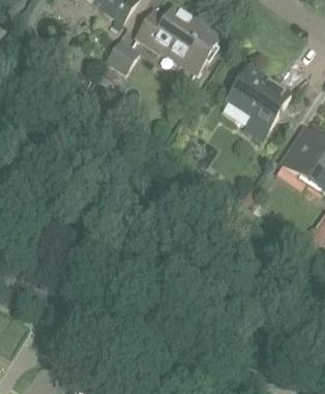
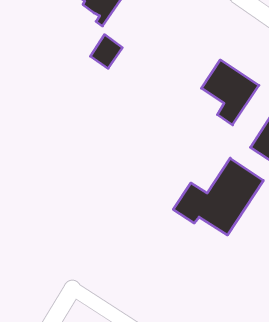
building: [136,9,217,68] -> none
building: none -> [173,158,263,235]

